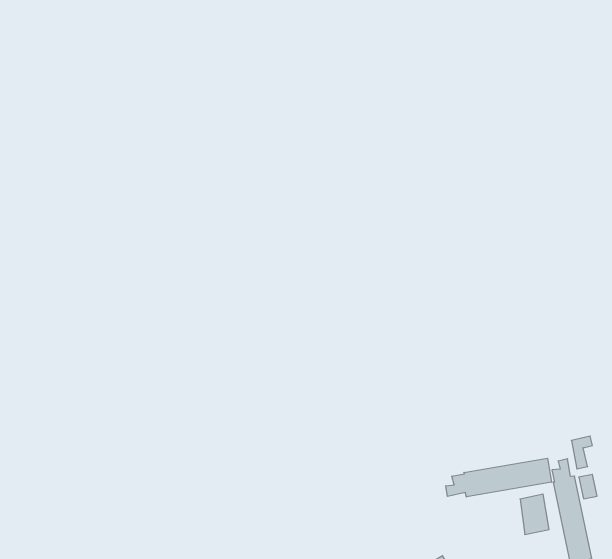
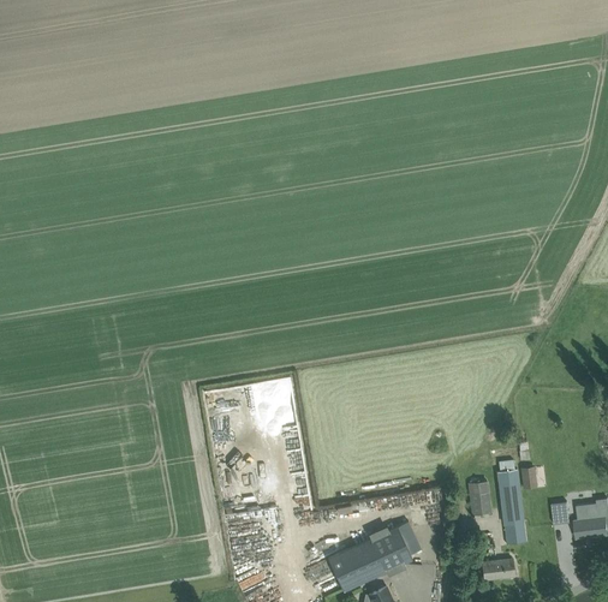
building: [446,458,551,497] -> none

